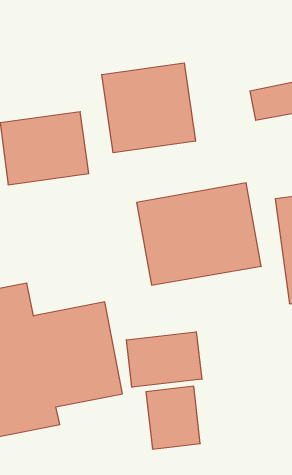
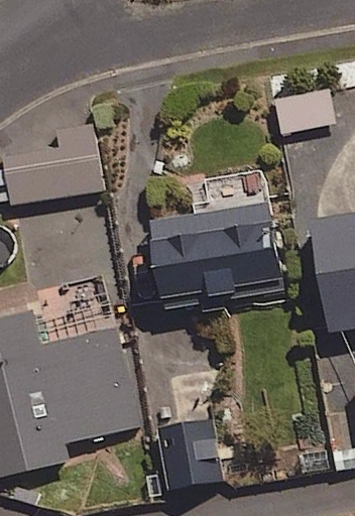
building: [102,63,195,153] -> none
building: [126,332,202,387] -> none

